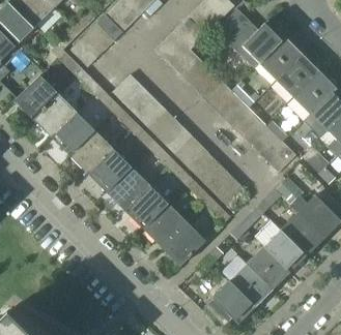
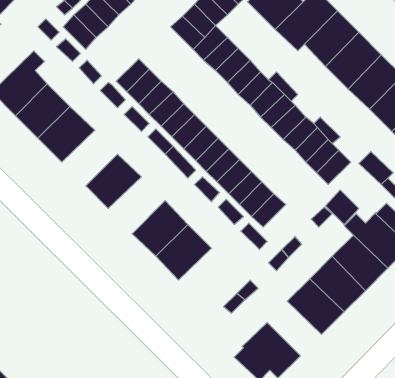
building: [69,130,113,174] -> none
building: [106,166,150,211] -> none
building: [161,222,205,266] -> none
building: [230,264,273,306] -> none

